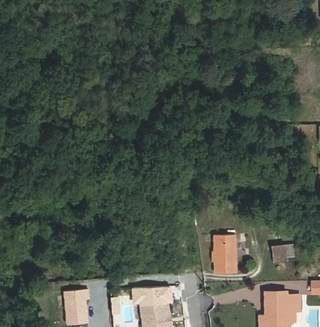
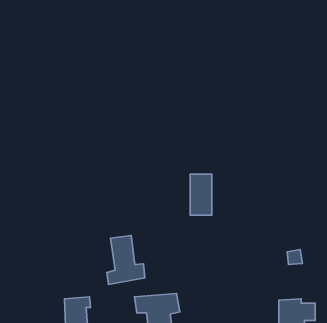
building: none -> [107,235,145,284]
building: [214,234,234,272] -> [190,174,212,215]

